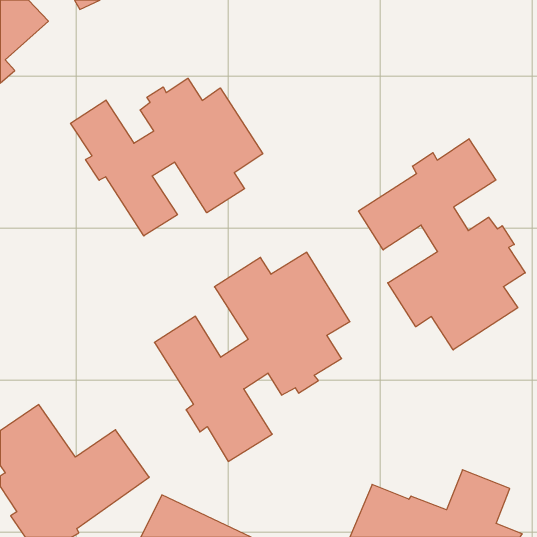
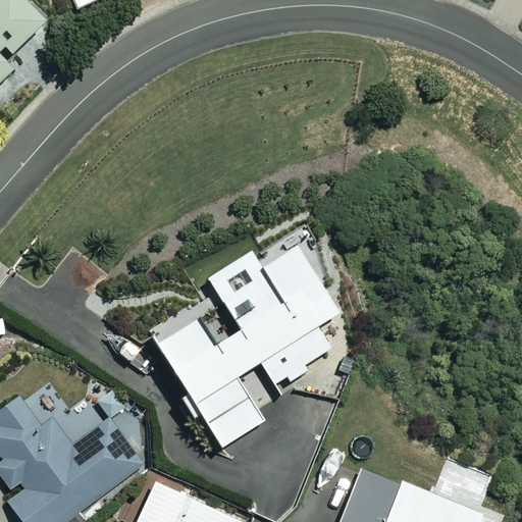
building: [71,78,263,236] -> none
building: [359,139,525,350] -> none

